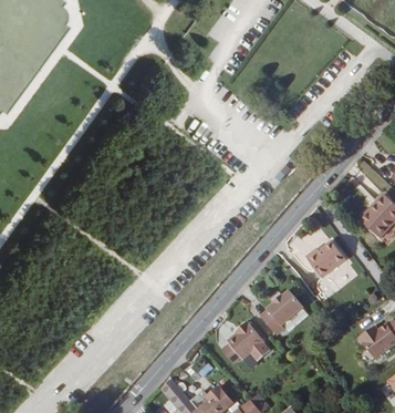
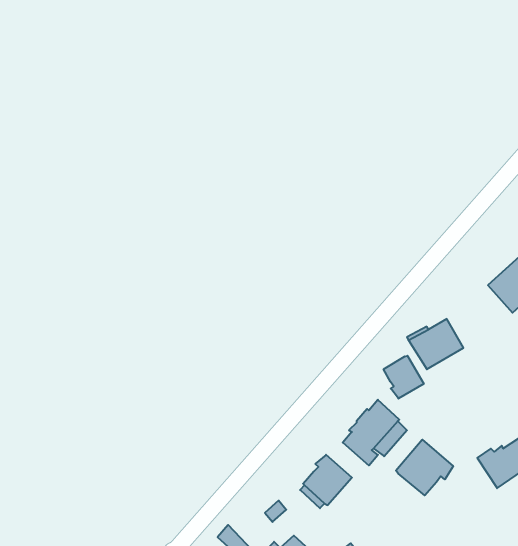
building: none -> [384,356,424,399]
building: none -> [396,440,453,495]

